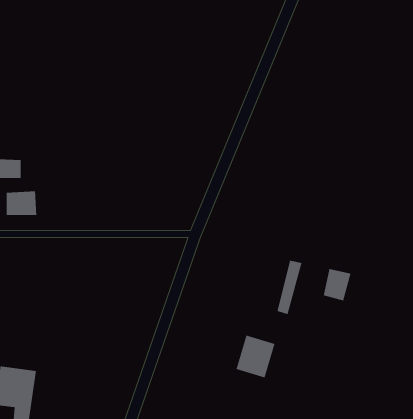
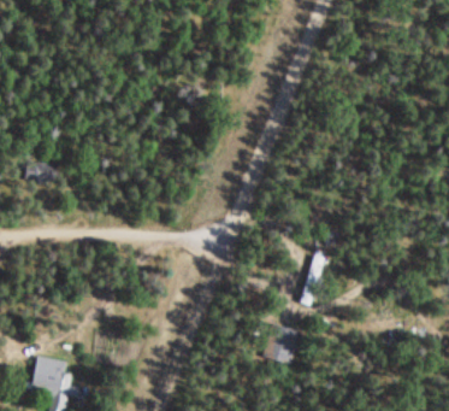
building: [6,190,37,216] -> none
building: [323,268,352,301] -> none

